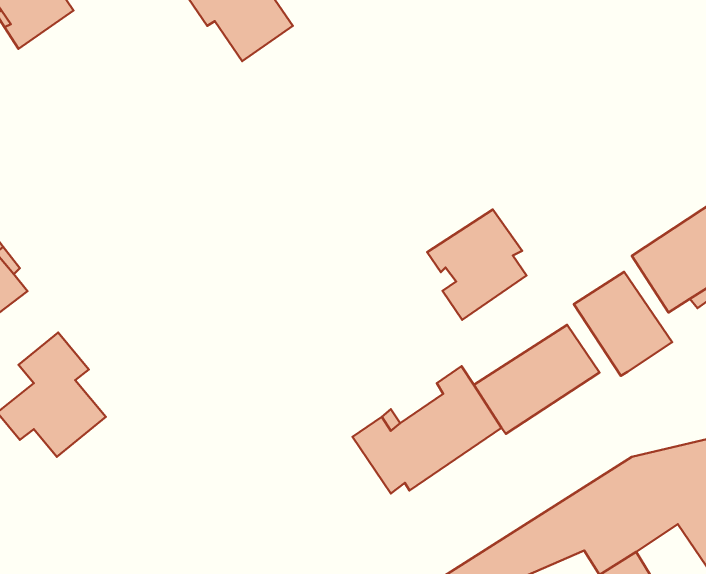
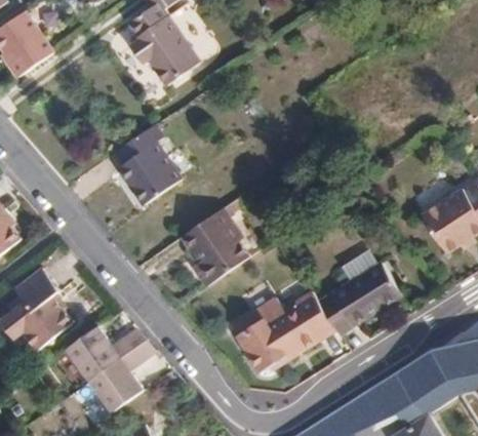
building: none -> [112,126,177,205]
building: [427,209,527,320] -> [181,210,247,284]
building: [574,272,672,376] -> none
building: none -> [64,323,155,411]

